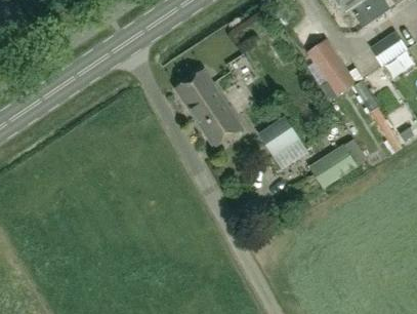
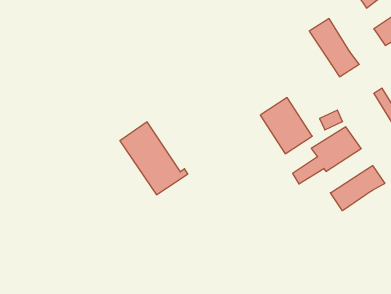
building: [176,70,243,142] -> [120,122,188,195]
building: none -> [330,166,385,211]

